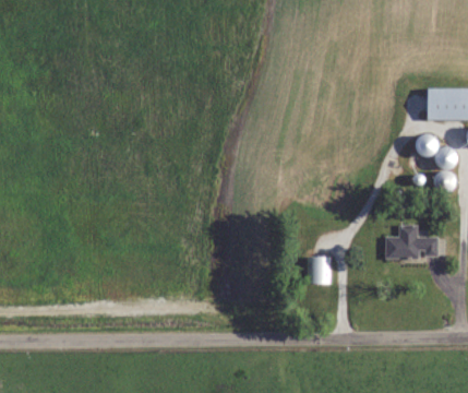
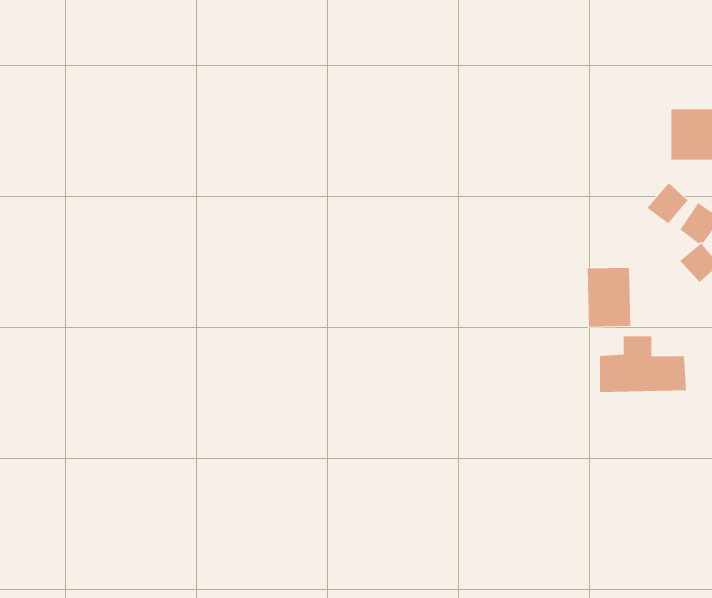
building: none -> [587,267,631,327]
building: [308,254,329,283] -> none

